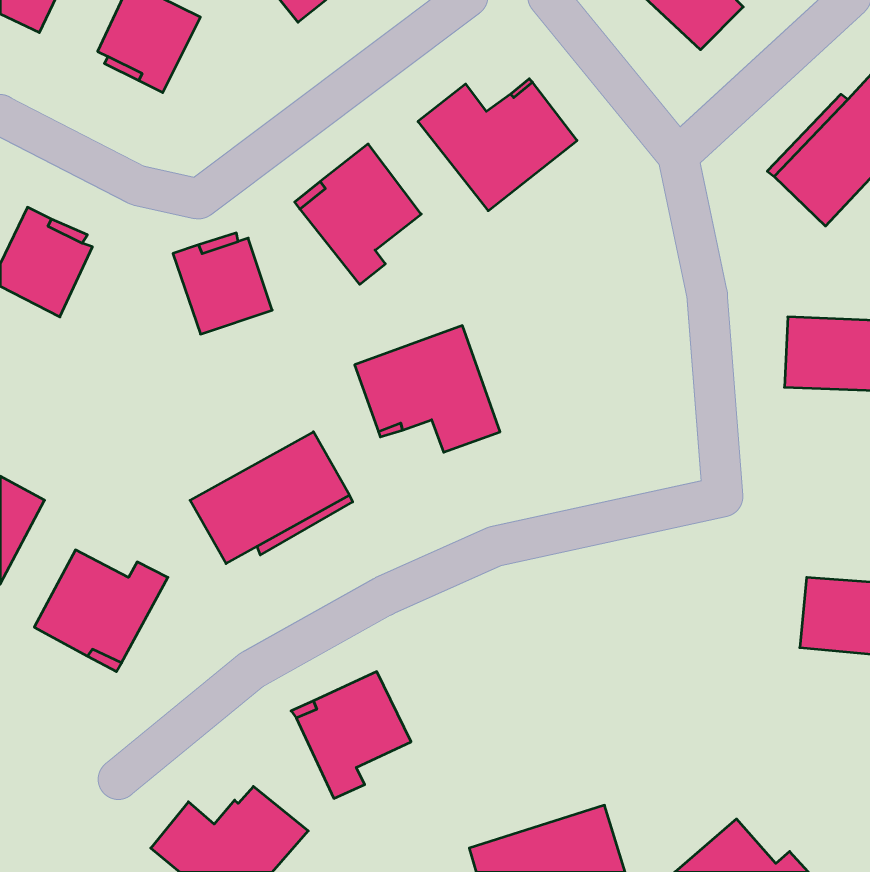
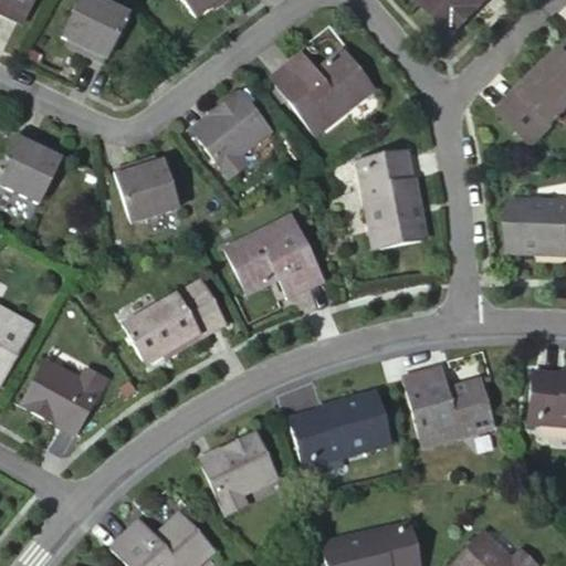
building: none -> [360,149,423,248]
building: none -> [395,368,486,452]
building: none -> [282,395,380,463]

